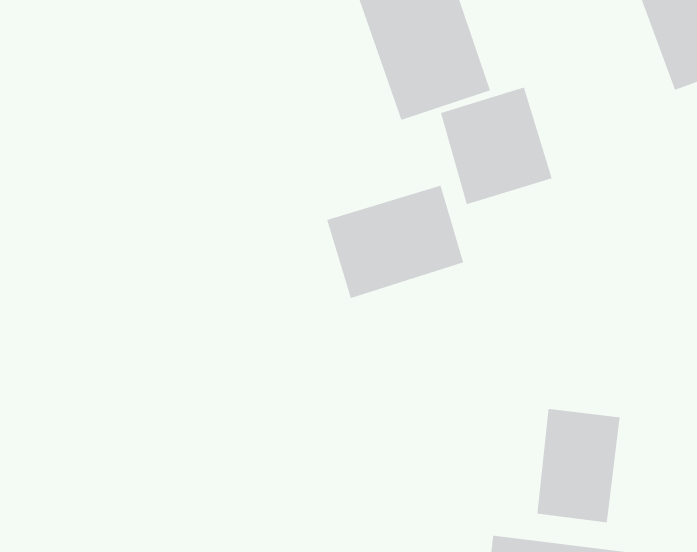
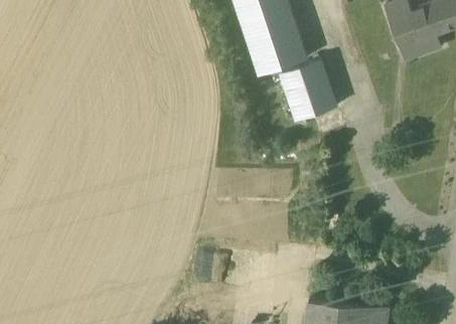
building: [327,185,464,299] -> none
building: [537,408,620,523] -> none

